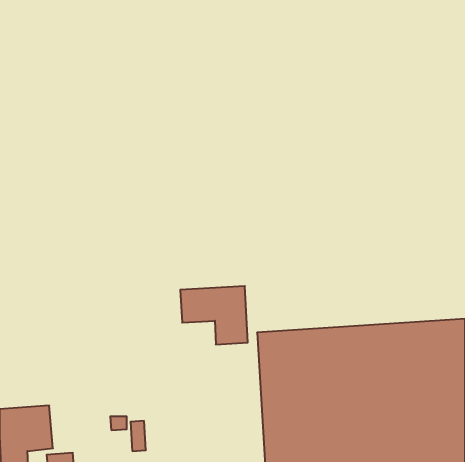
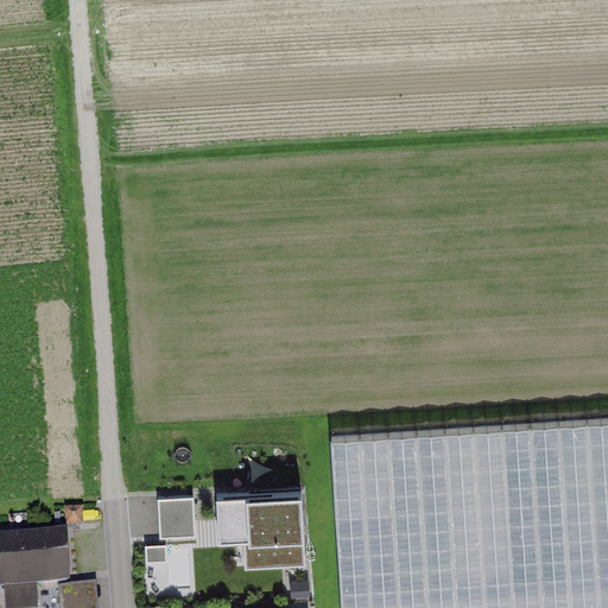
building: [180,286,248,344] -> [216,494,304,570]
building: none -> [158,504,197,539]

